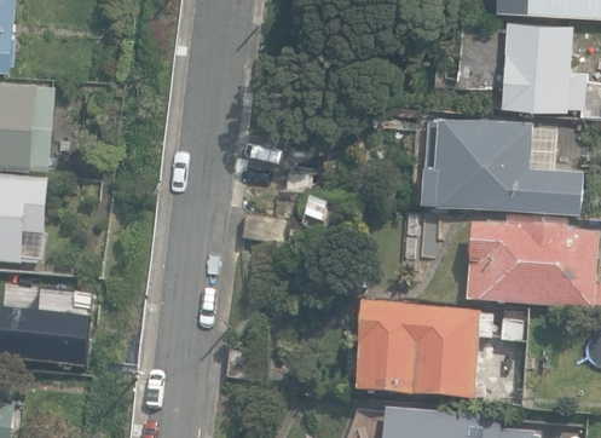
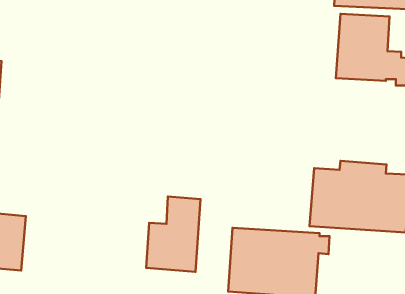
building: [422,113,583,212] -> none
building: none -> [146,196,201,272]

